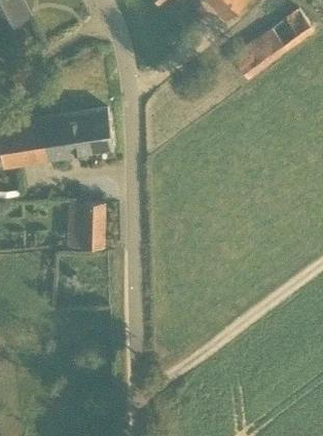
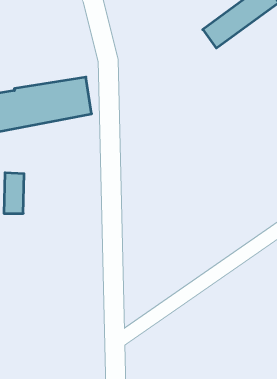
building: [81,204,103,247] -> [4,173,24,213]

